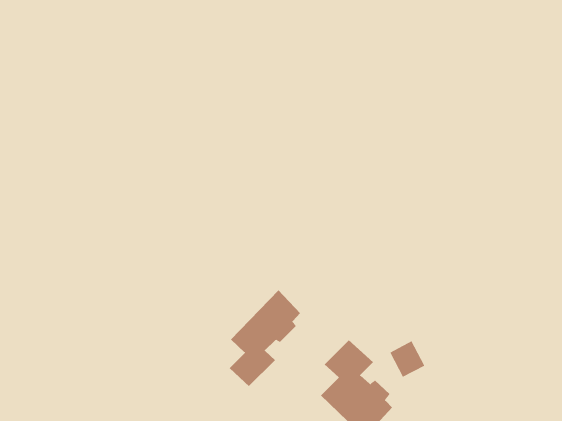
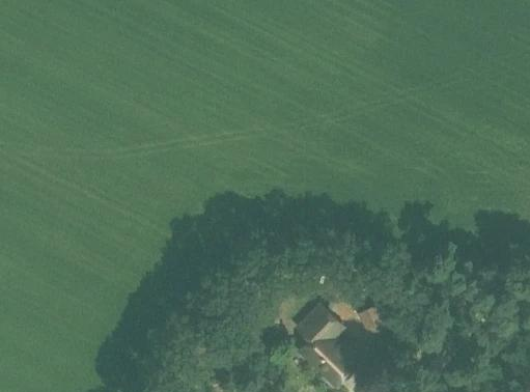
building: [229,290,301,387] -> none

